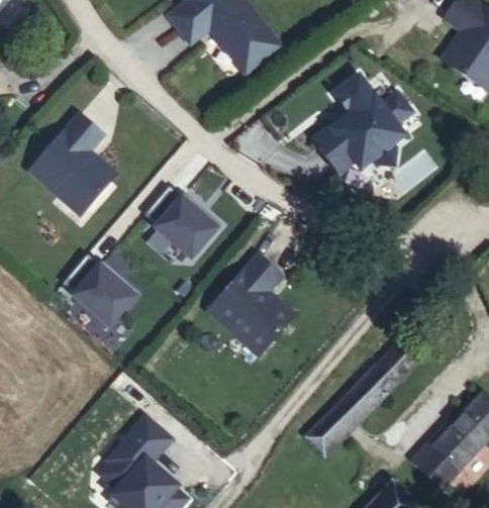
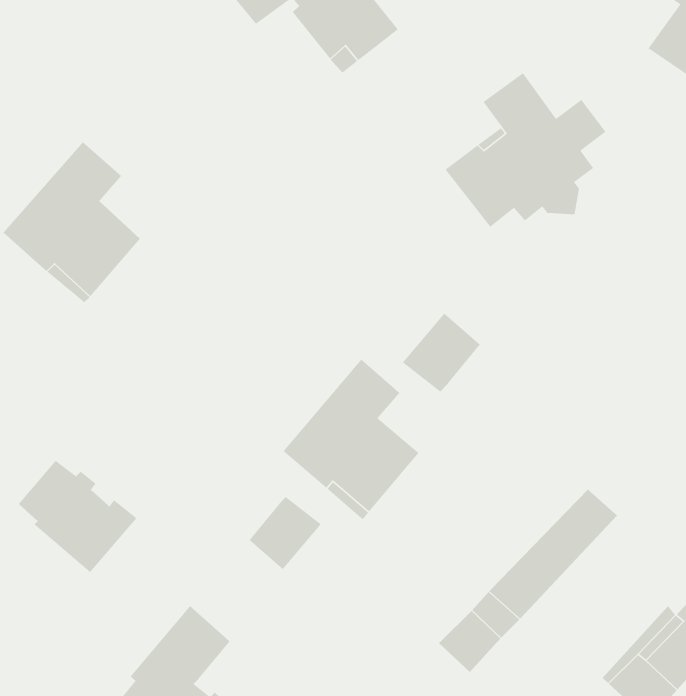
building: [140,192,216,264] -> none
building: none -> [402,312,481,392]
building: [62,256,138,328] -> [18,460,137,573]
building: none -> [248,496,322,570]

